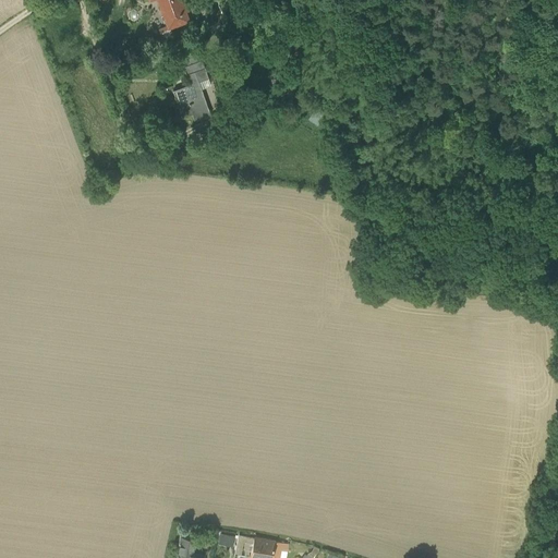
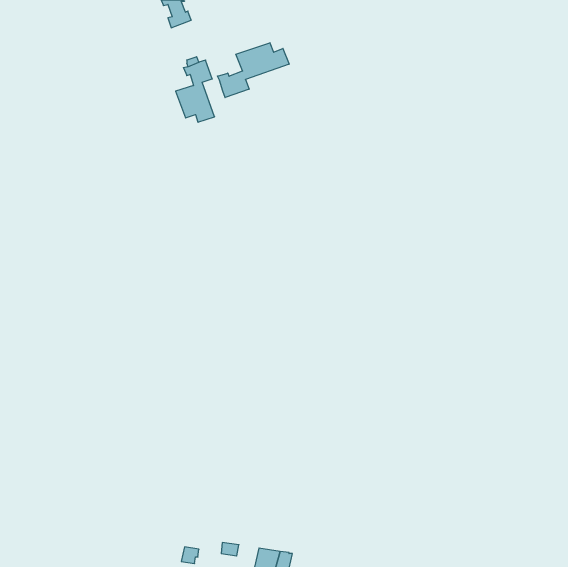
building: none -> [217,43,289,98]

